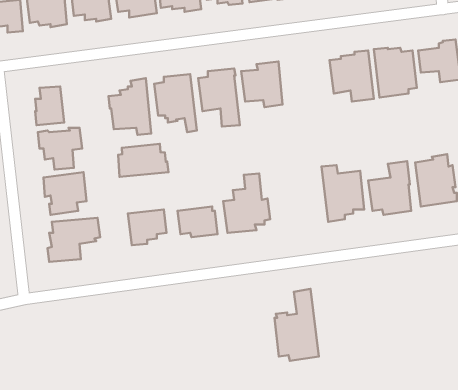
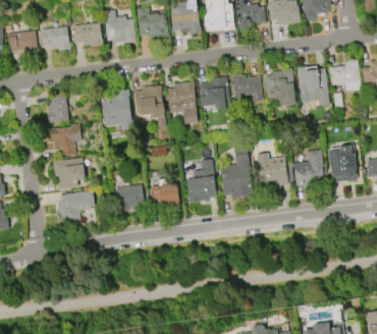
building: none -> [231,74,263,104]
building: [118,144,168,177] -> none
building: [275,289,319,361] -> [220,146,253,199]

